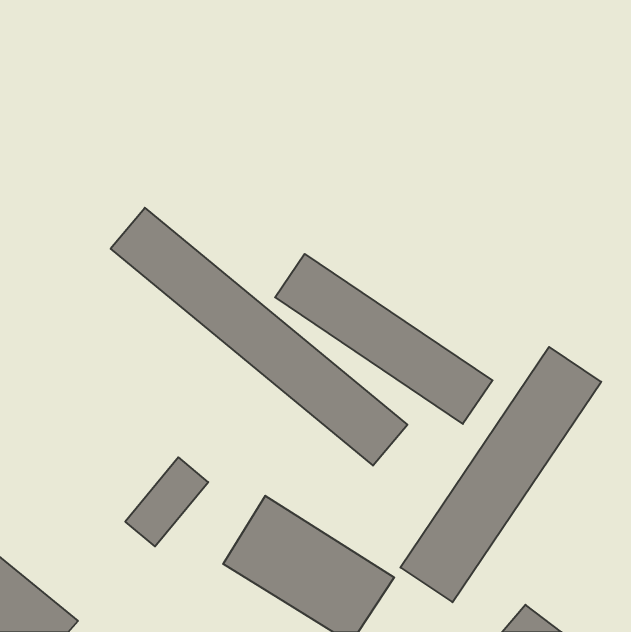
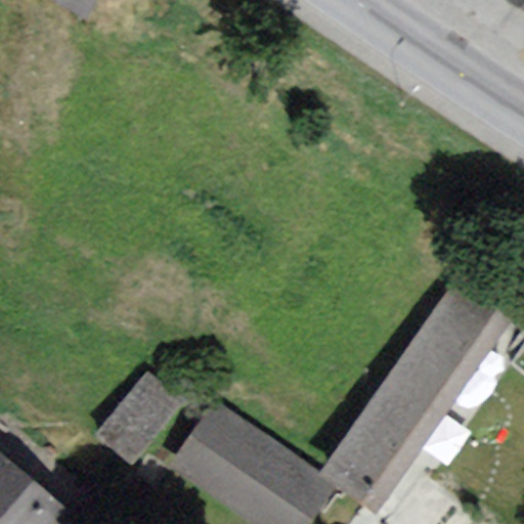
building: [111,208,407,466] -> none
building: [275,254,493,424] -> none

